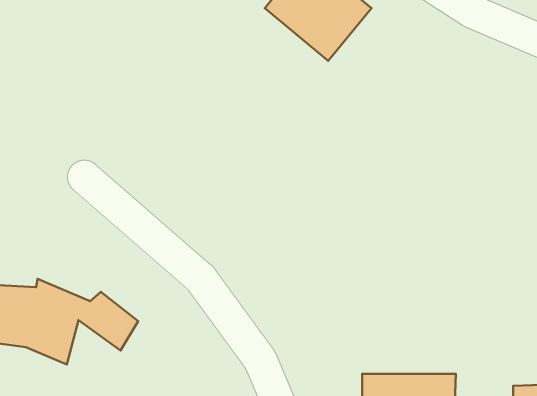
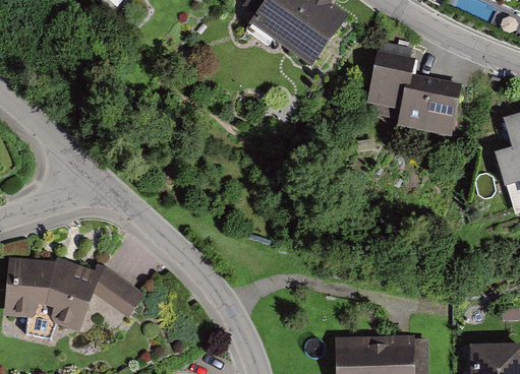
building: none -> [372,56,468,140]

